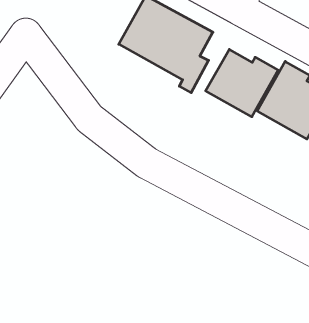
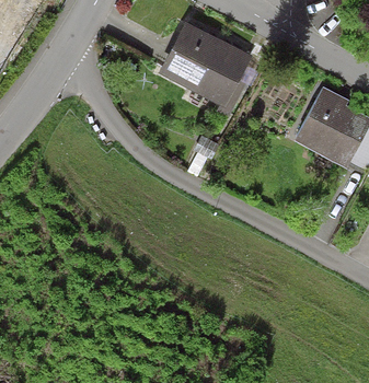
building: [206,49,278,117] -> none

